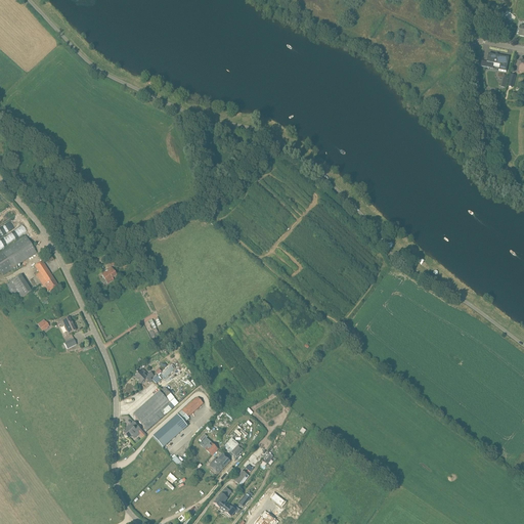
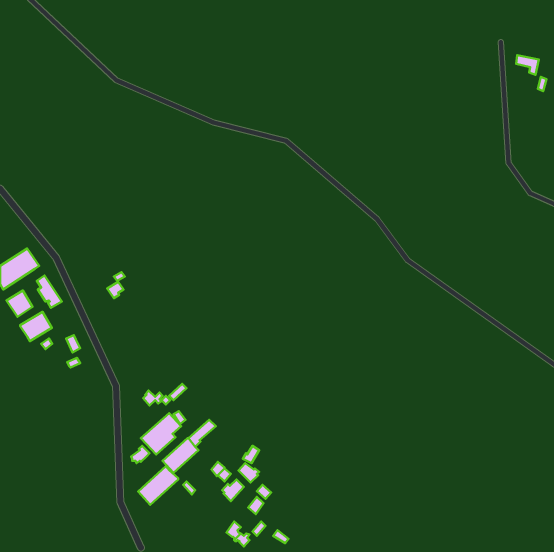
building: none -> [20,312,52,341]
building: none -> [138,466,178,505]

